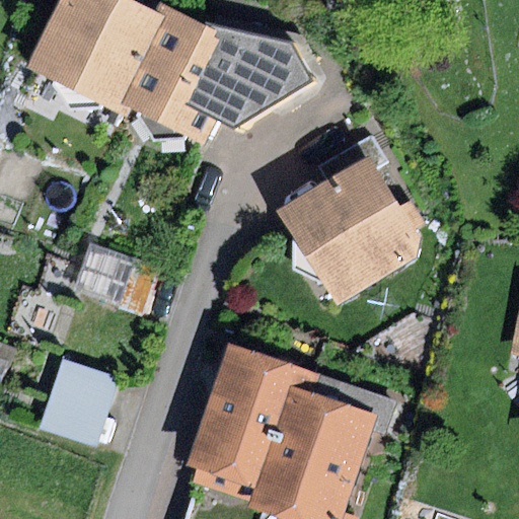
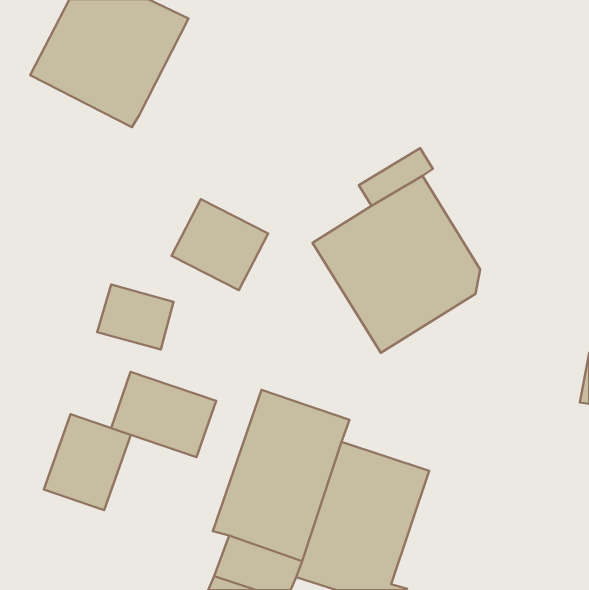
building: [122,8,321,144] -> none
building: none -> [171,199,268,290]
building: none -> [111,372,216,457]

